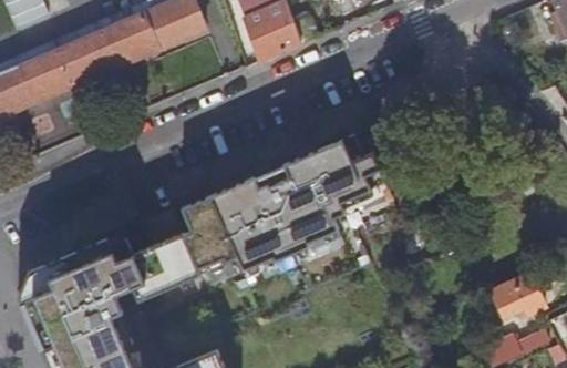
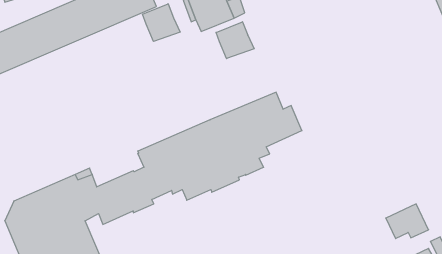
building: none -> [143,4,180,41]
building: none -> [216,22,254,59]

